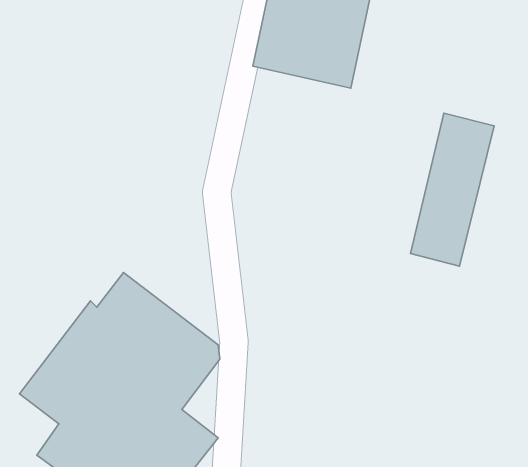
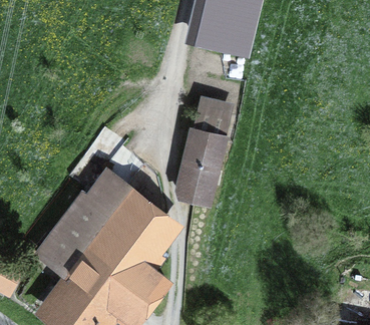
building: [411,113,494,266] -> [177,105,231,203]

